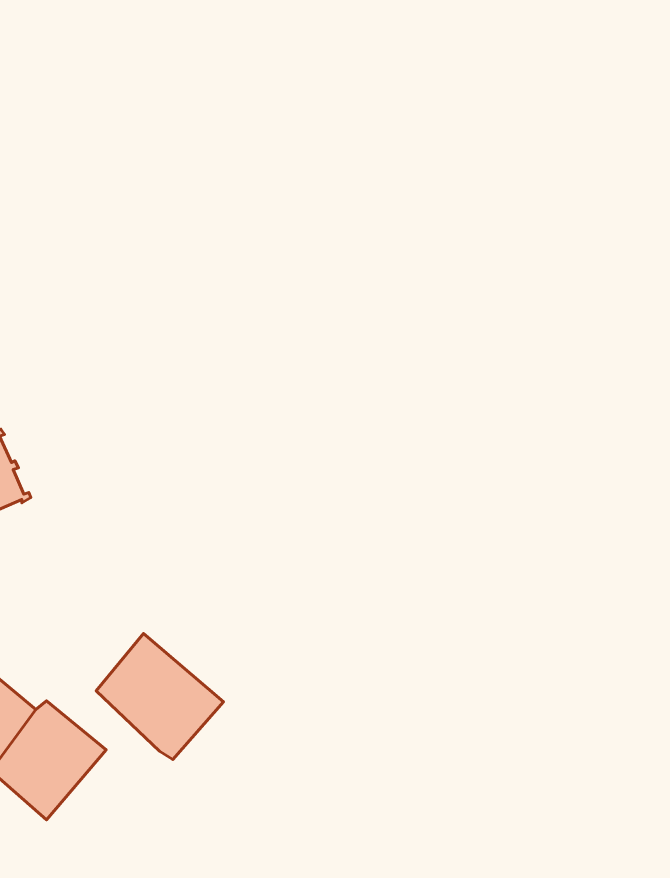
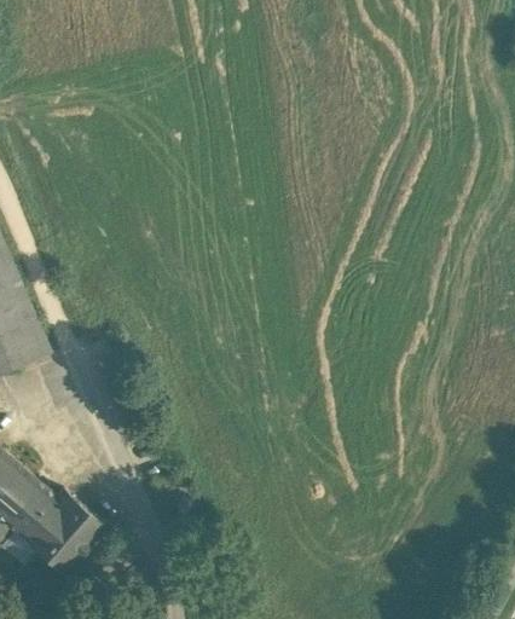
building: [96,634,224,759] -> none

